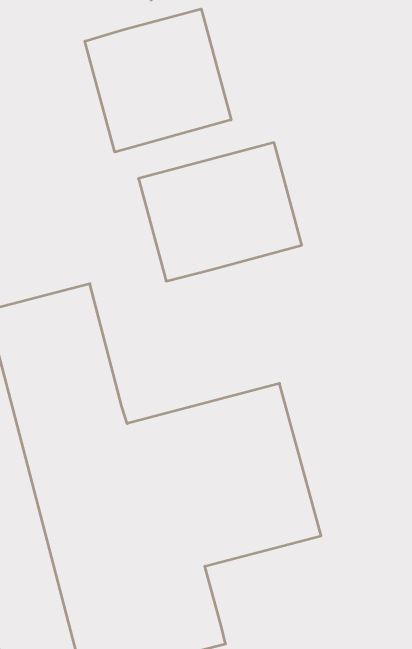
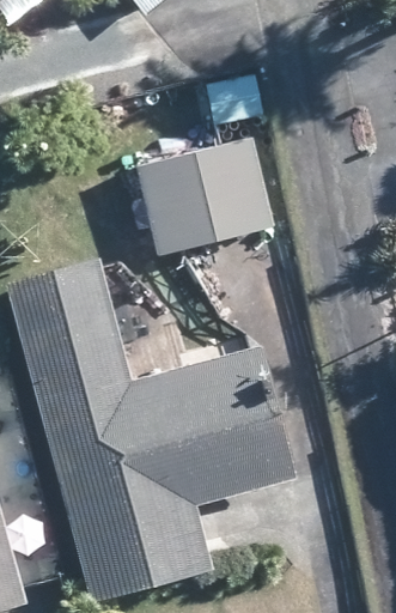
building: [85,9,231,152] -> none

